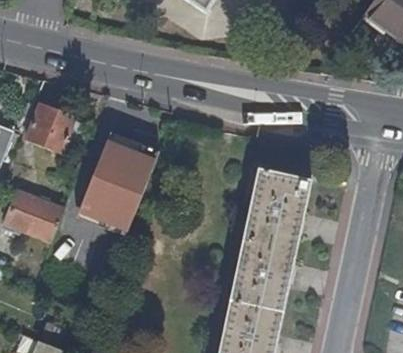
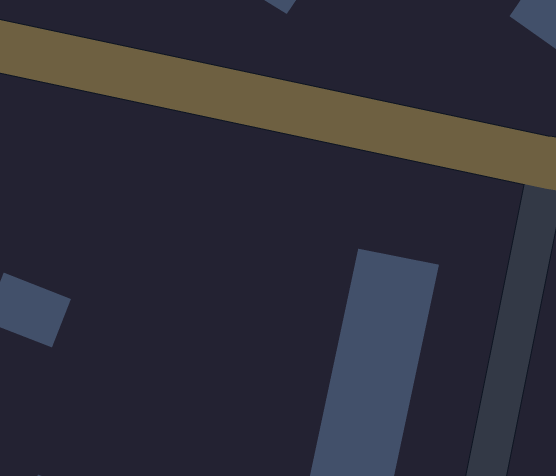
building: [26,104,89,153] -> none
building: [80,120,160,218] -> none

